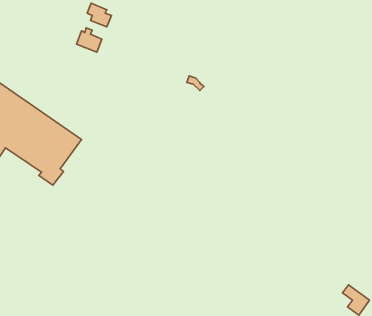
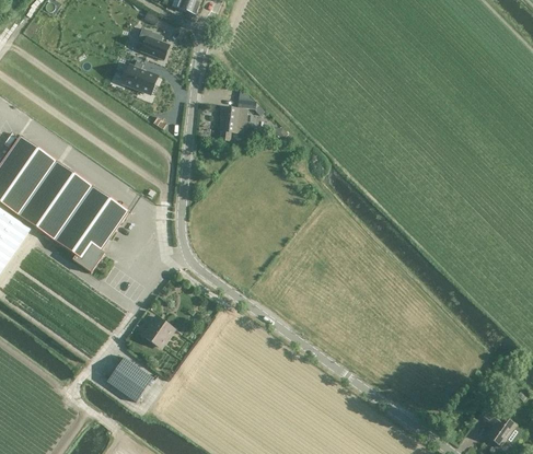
building: none -> [218,106,246,140]
building: none -> [146,315,173,348]
building: none -> [106,357,152,401]

